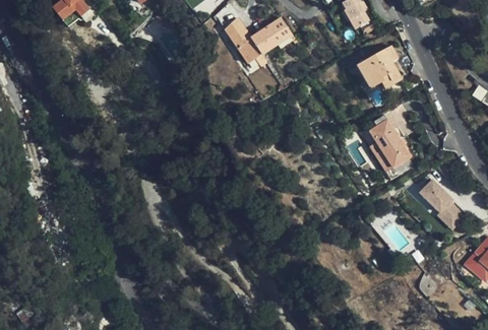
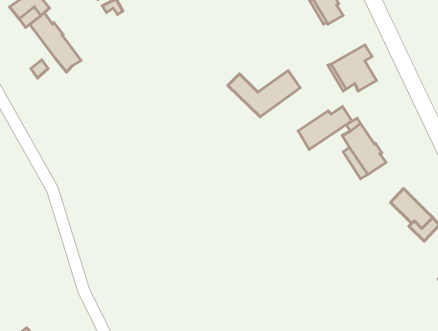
building: [228,14,296,58] -> [228,70,300,117]
building: none -> [30,13,81,72]
building: none -> [298,107,352,149]

